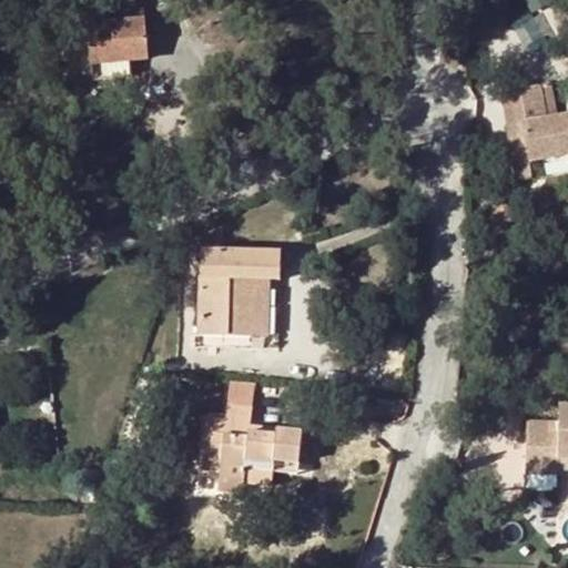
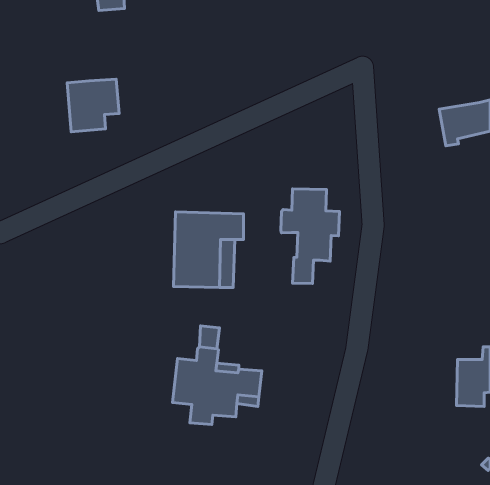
building: [89,16,149,77] -> [67,79,119,132]
building: [501,84,555,126] -> none
building: none -> [281,189,340,284]

